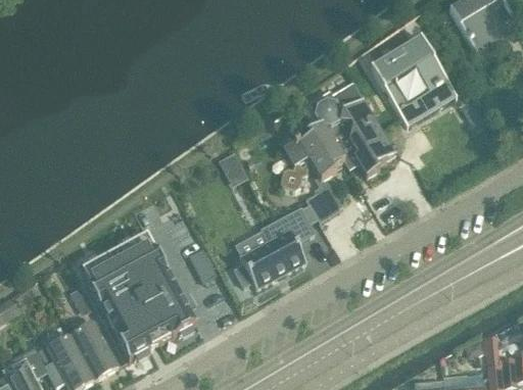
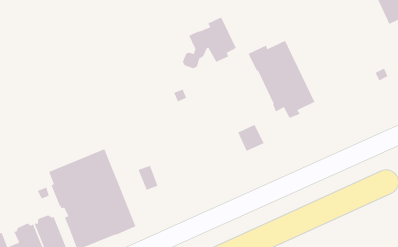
building: [369,35,456,125] -> none
building: [279,121,343,189] -> [182,16,237,69]
building: [234,207,313,288] -> none

